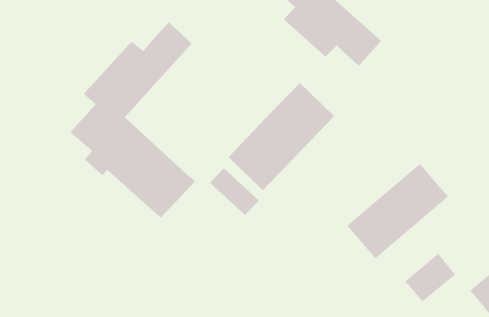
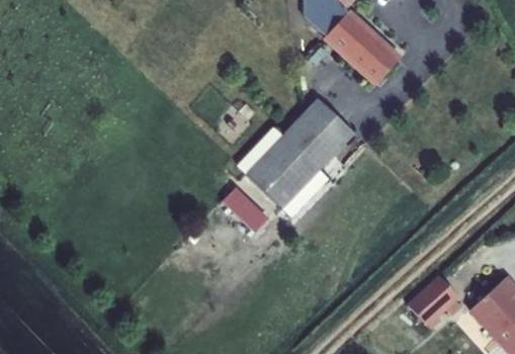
building: [70,21,196,219] -> none
building: [347,163,449,259] -> none

